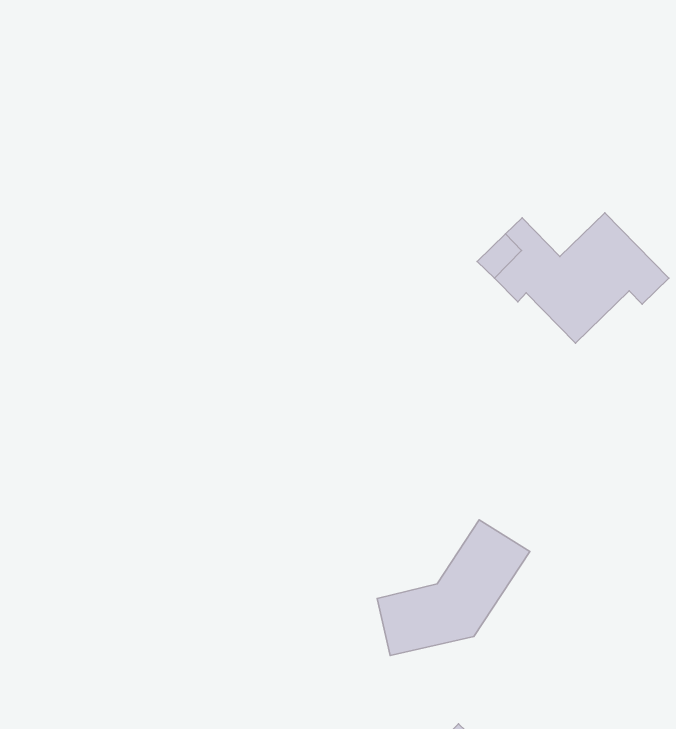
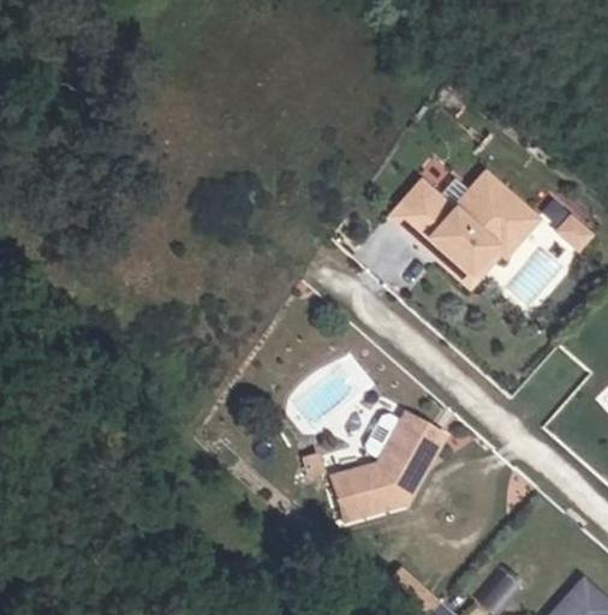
building: none -> [423,227,519,283]

